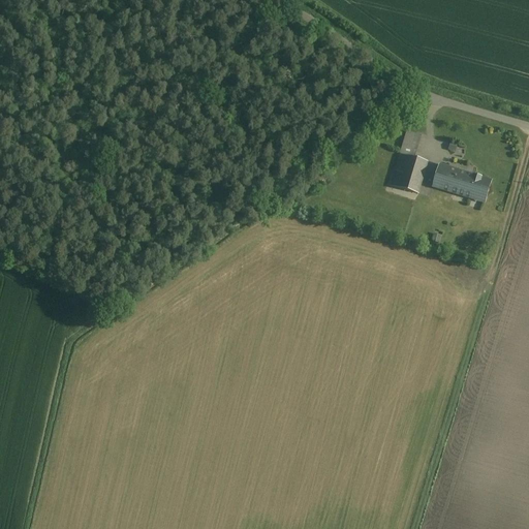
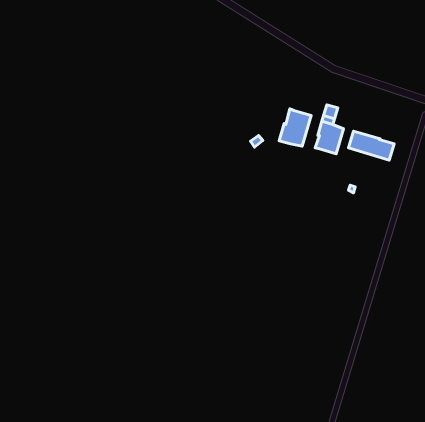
building: none -> [279,109,311,146]

